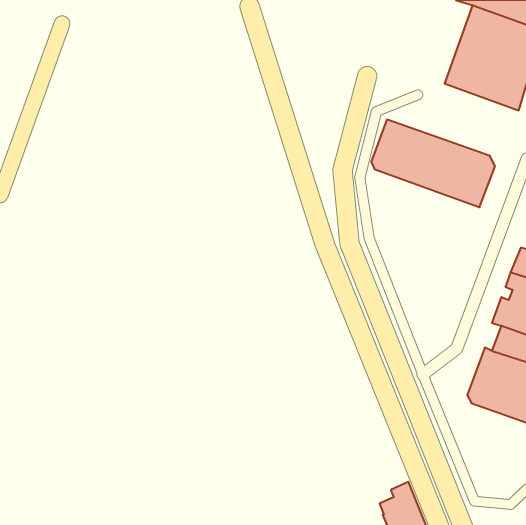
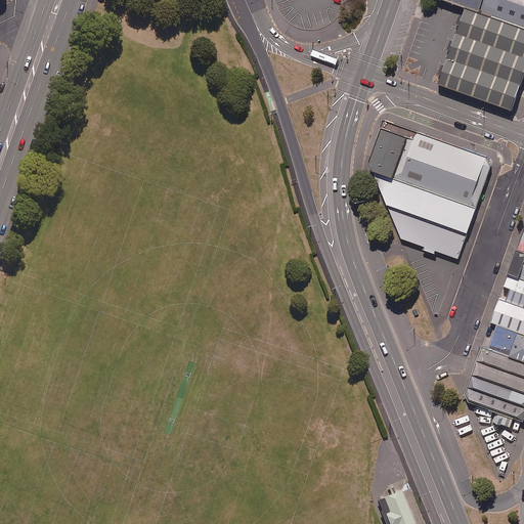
building: none -> [373,170,477,259]

